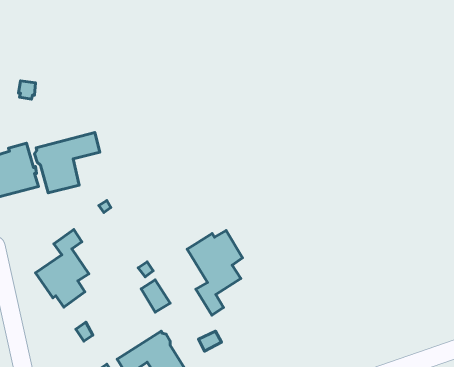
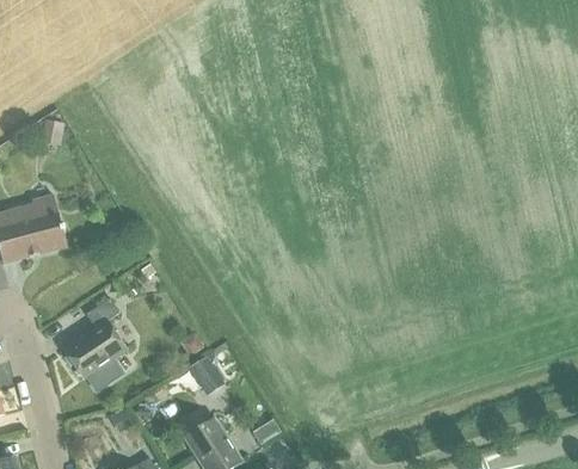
building: [34,133,100,193] -> none
building: [187,230,243,315] -> none

